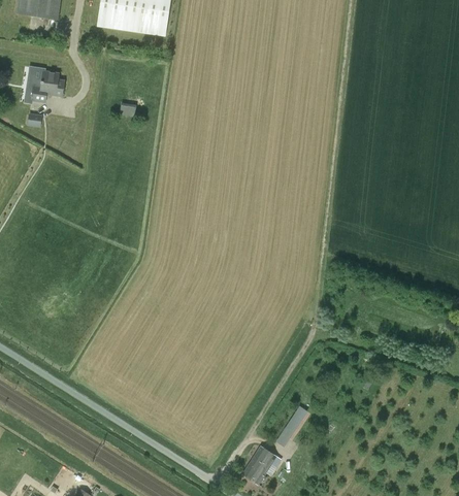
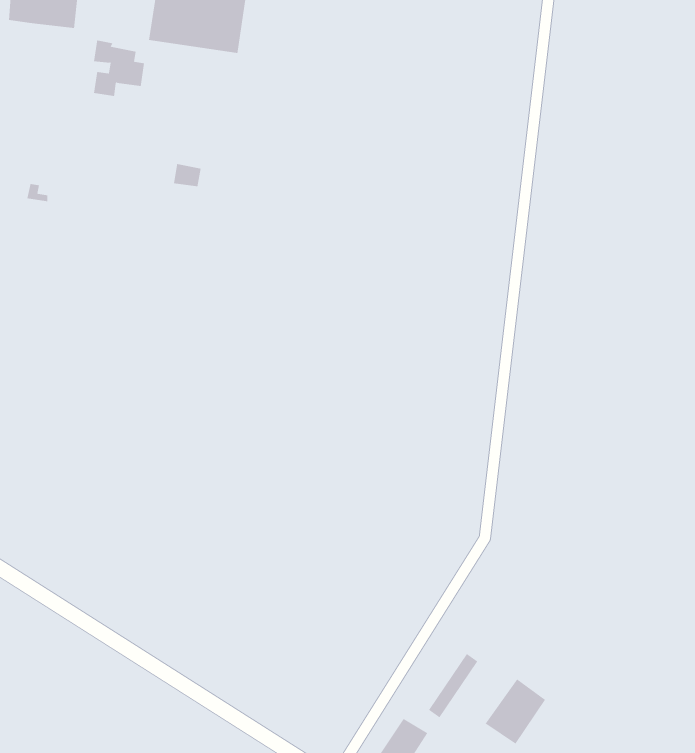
building: [31,66,63,101] -> [93,40,145,96]
building: none -> [485,678,546,745]

